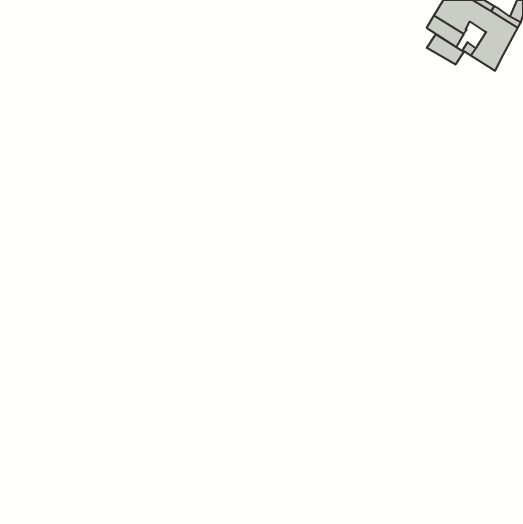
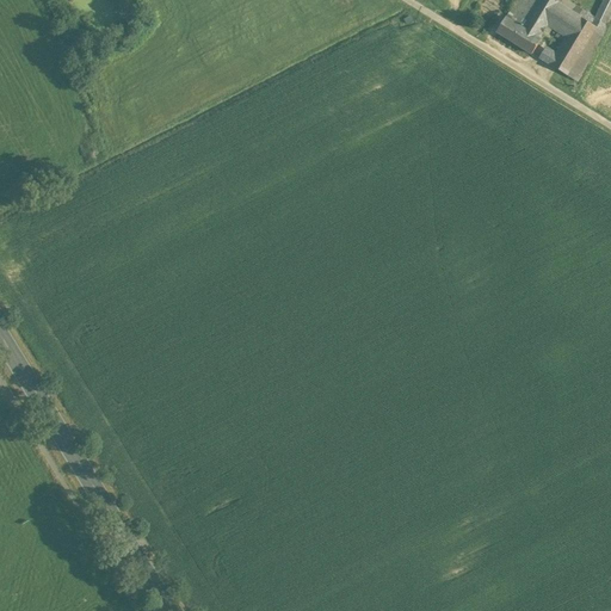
building: [427,35,464,65] -> none

